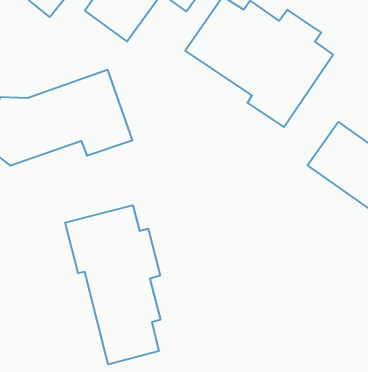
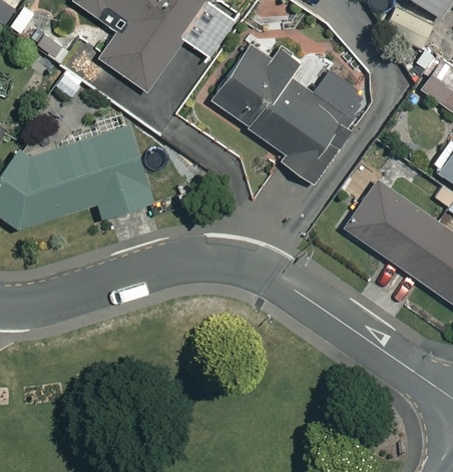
building: [65,205,160,364] -> none

